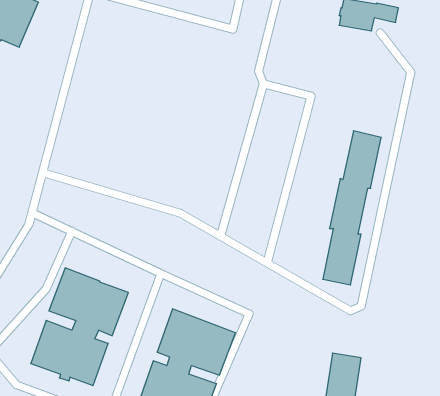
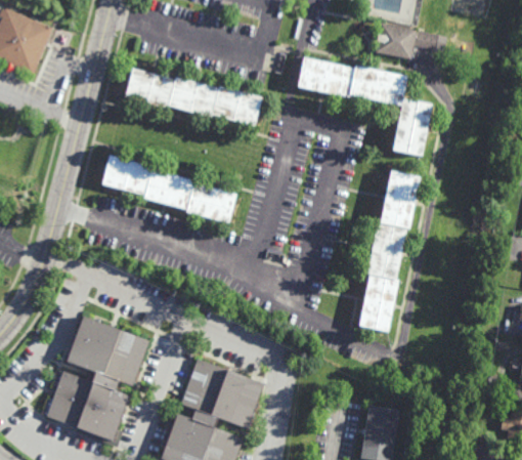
building: none -> [296,56,433,160]
building: none -> [124,68,262,129]
building: none -> [101,154,236,222]

